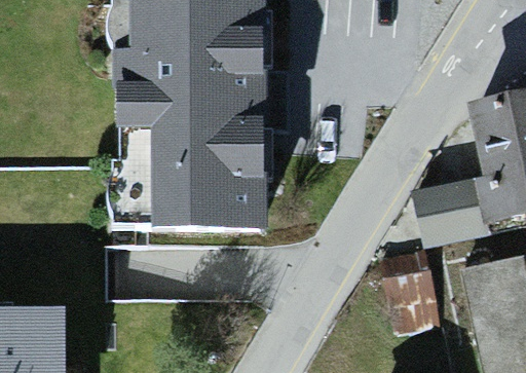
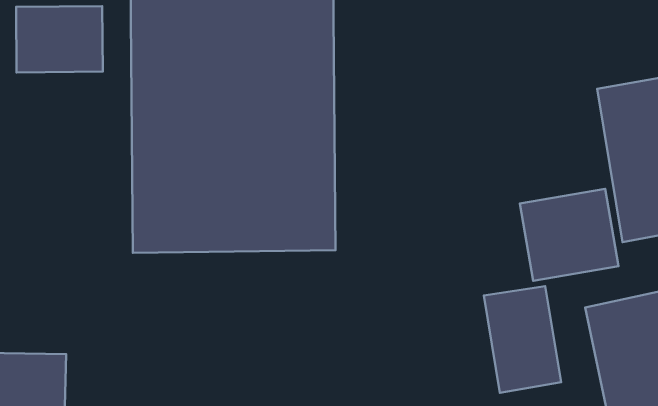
building: none -> [16,6,103,72]

